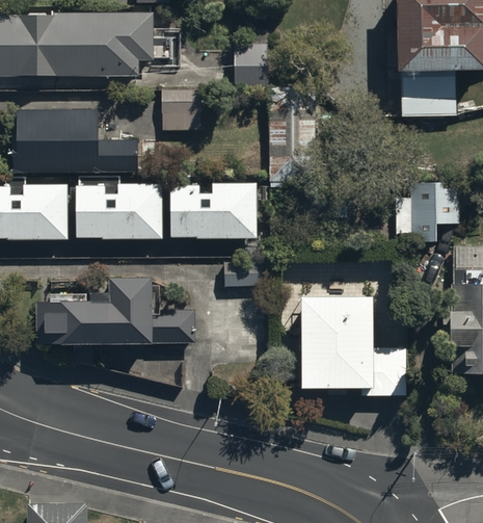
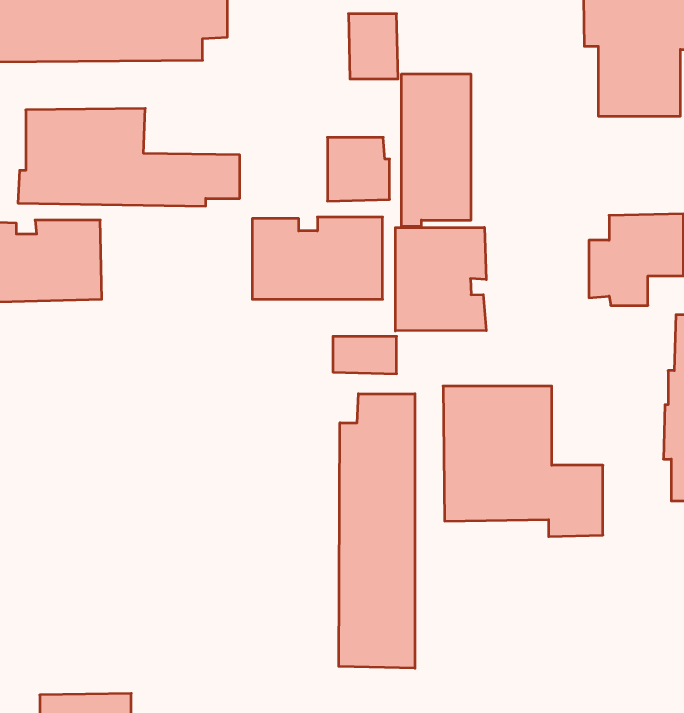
building: [163,90,205,133] -> [327,137,390,201]
building: [76,183,163,238] -> none
building: none -> [395,227,486,331]
building: [37,276,194,344] -> none
building: none -> [339,394,415,668]

